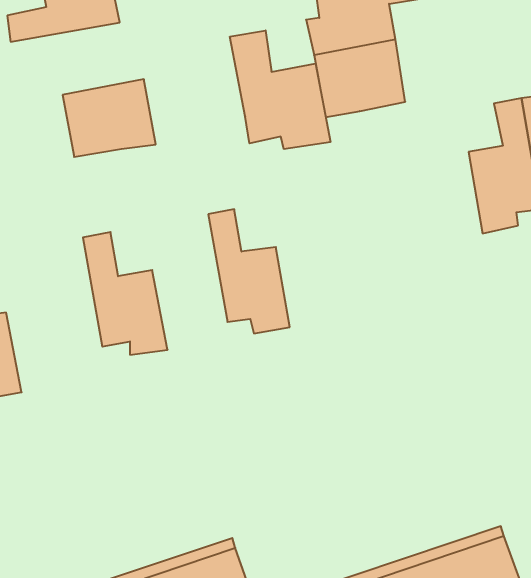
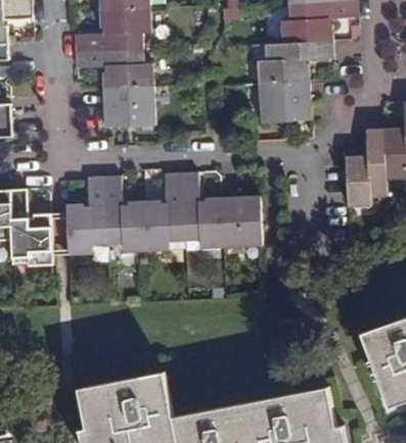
building: none -> [74,48,152,88]
building: [230,30,330,149] -> none
building: none -> [142,173,185,252]
building: none -> [220,195,261,248]
building: none -> [65,177,105,256]

